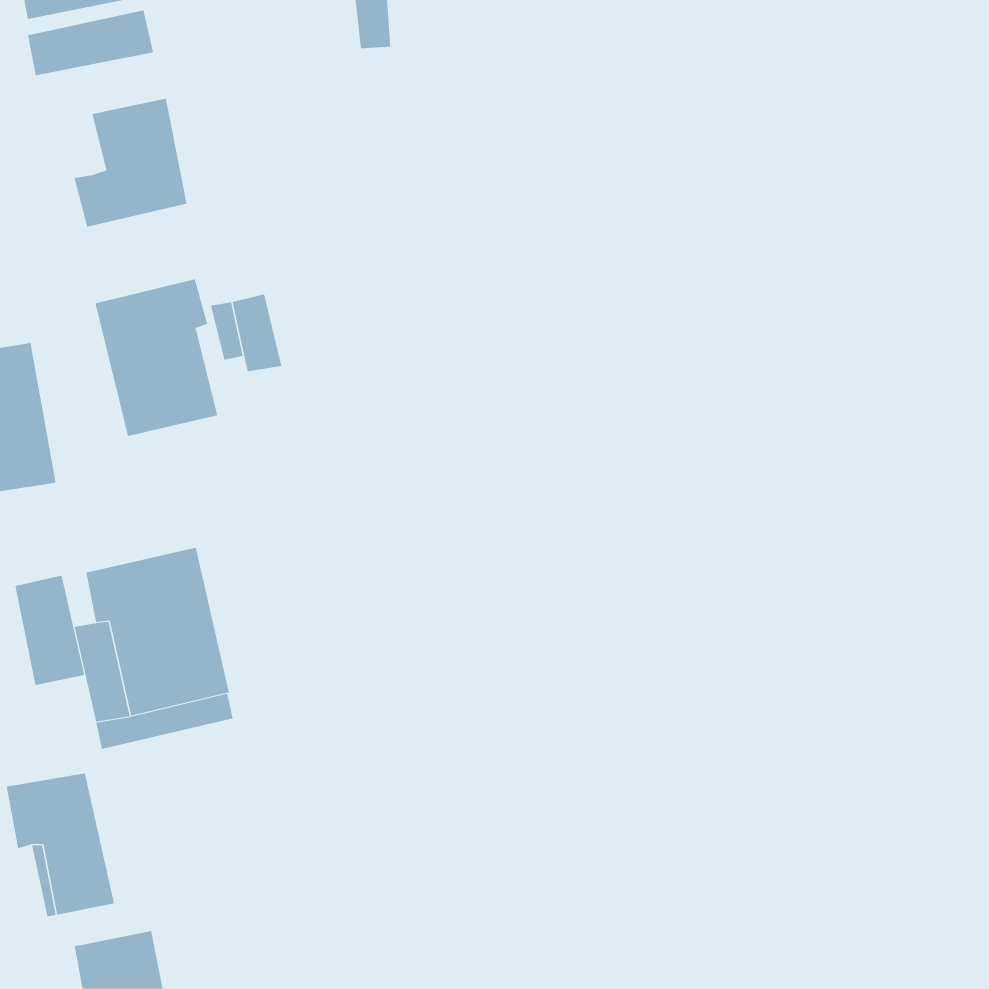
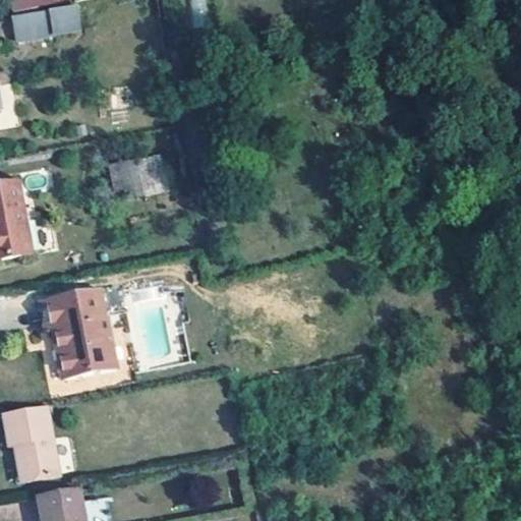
building: [74,98,187,227] -> none
building: [95,279,218,437] -> none
building: [15,575,85,686] -> none

